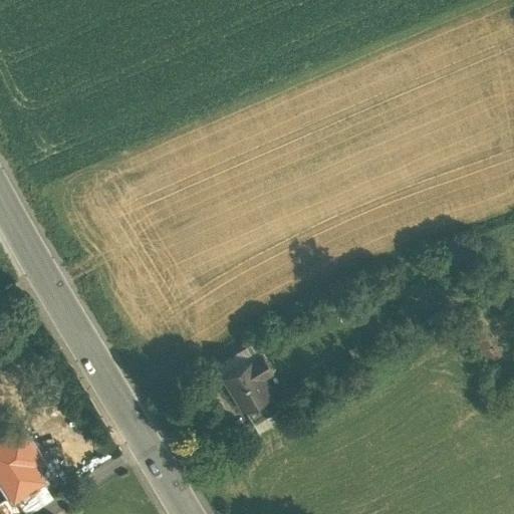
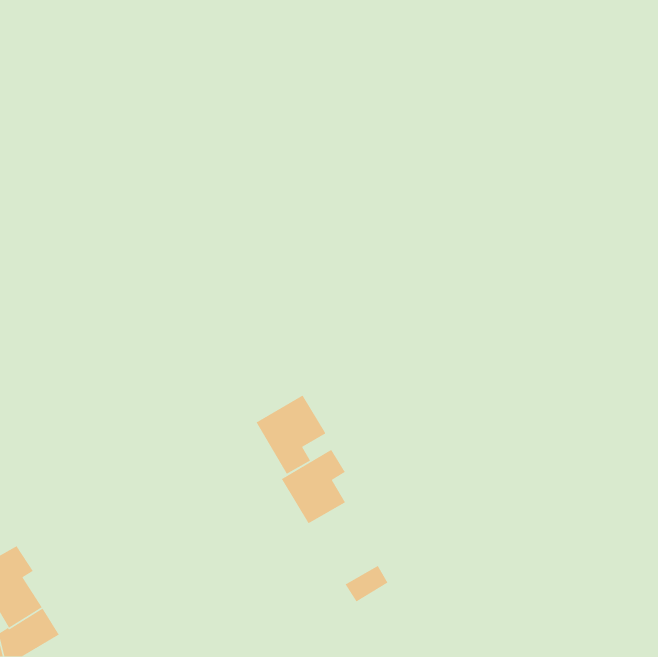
building: none -> [255,395,326,475]
building: [240,389,274,418] -> [344,565,389,603]

